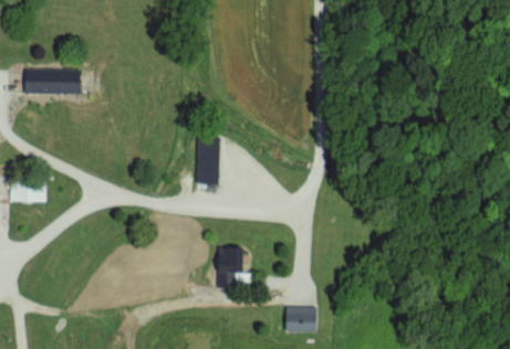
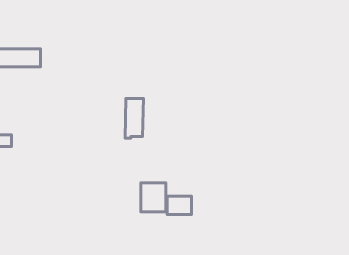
building: [284,307,316,331] -> [167,196,191,214]

